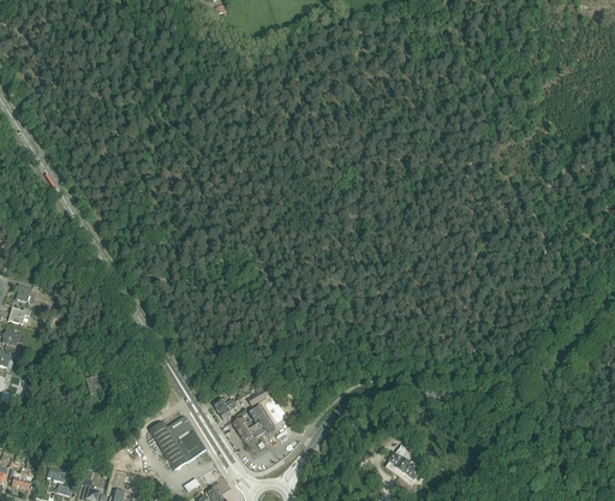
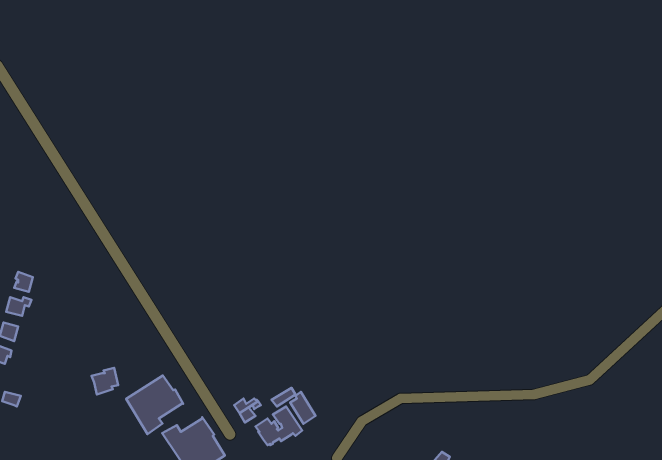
building: none -> [126,375,183,434]

